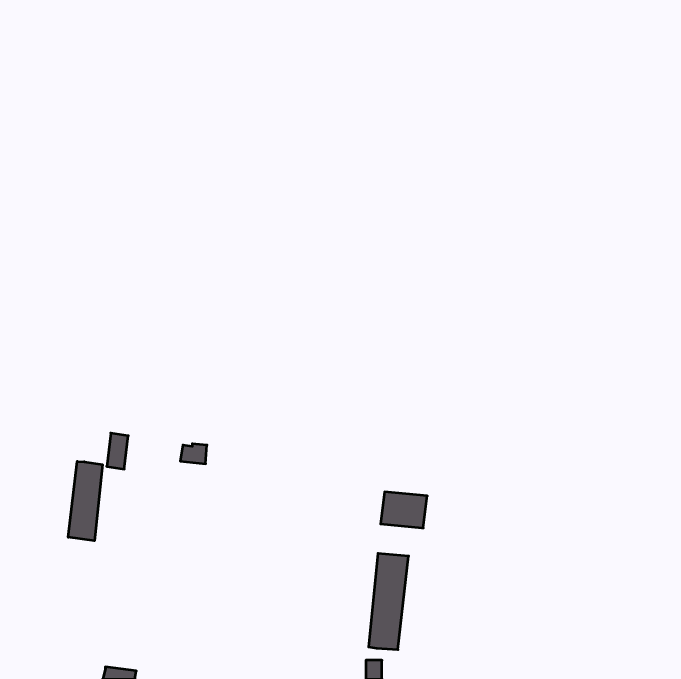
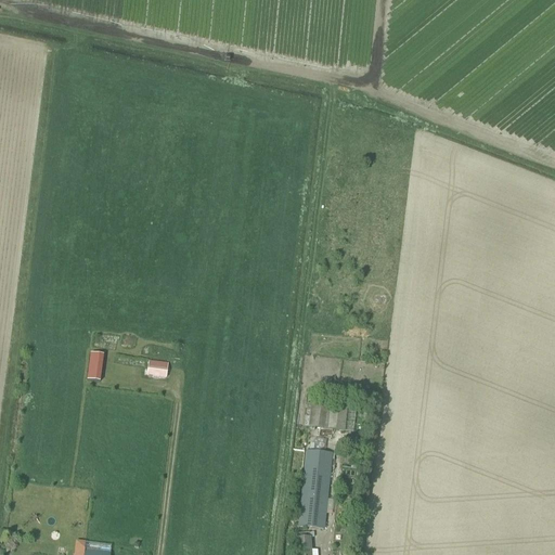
building: [68,461,102,541] -> none

